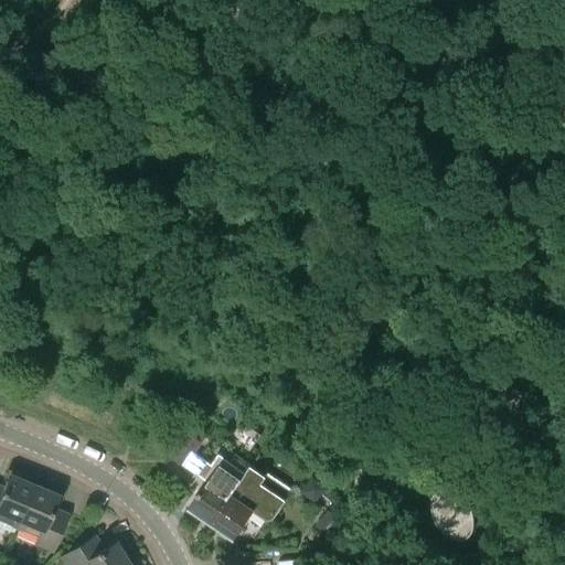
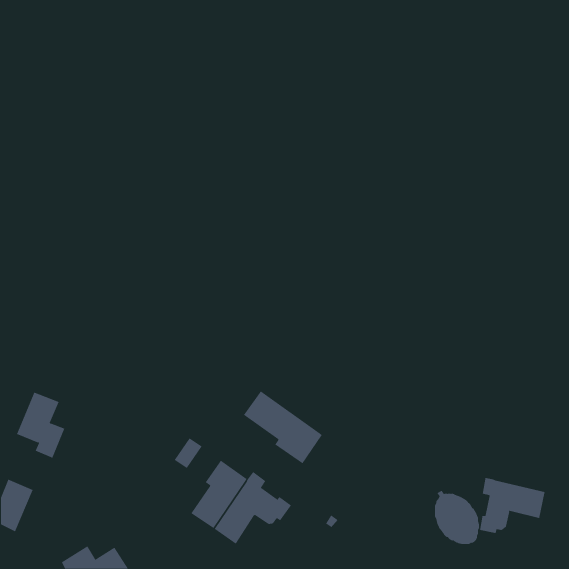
building: none -> [243,391,322,464]
building: none -> [479,477,545,534]
building: [15,486,64,552] -> [16,392,65,459]

